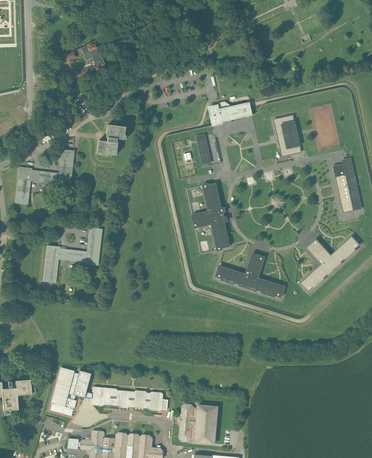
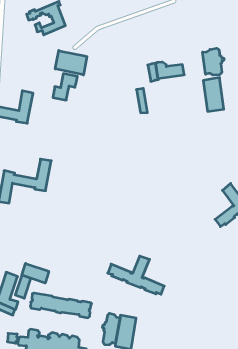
building: none -> [203,48,224,75]
building: none -> [55,50,87,75]
building: [192,184,229,251] -> none
building: [216,254,284,297] -> [108,256,164,294]
building: none -> [22,263,49,283]

